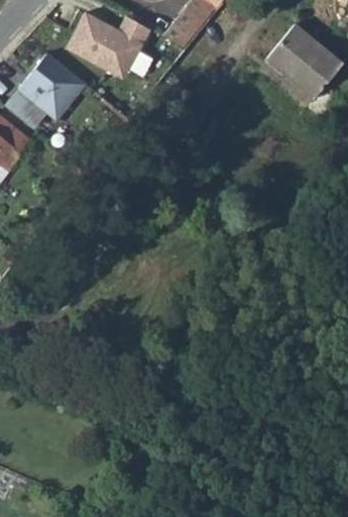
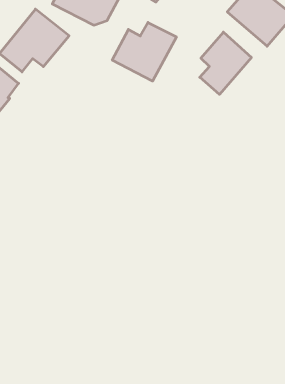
building: none -> [112,22,176,81]
building: none -> [200,32,251,94]

